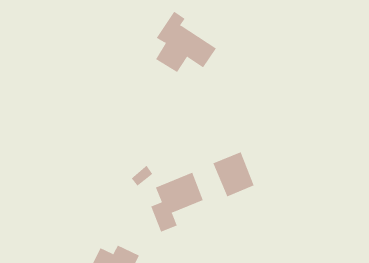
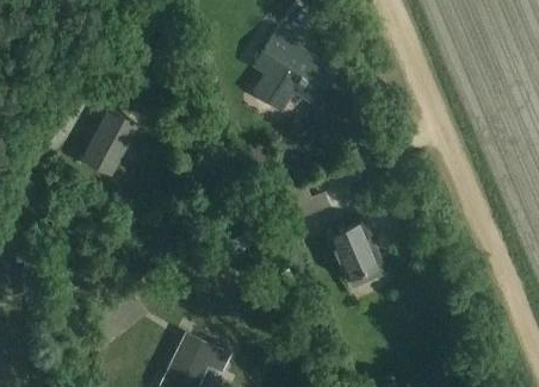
building: none -> [81,108,138,175]
building: [151,172,203,233] -> none

